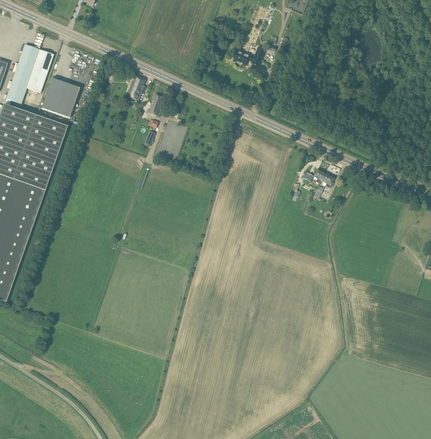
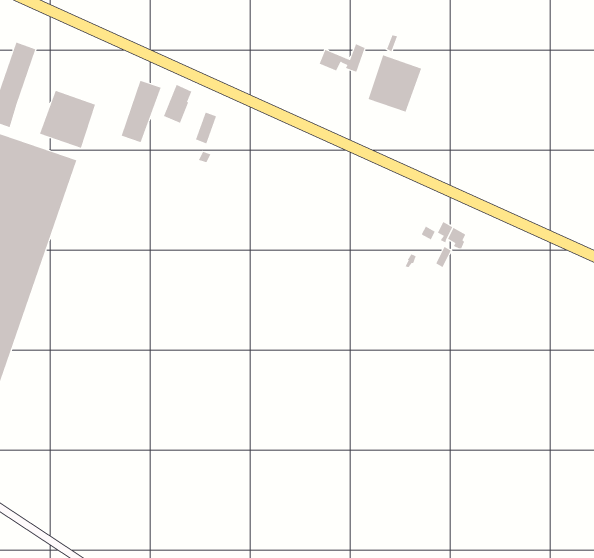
building: [26,49,54,92] -> [121,80,162,143]
building: none -> [368,54,422,112]

